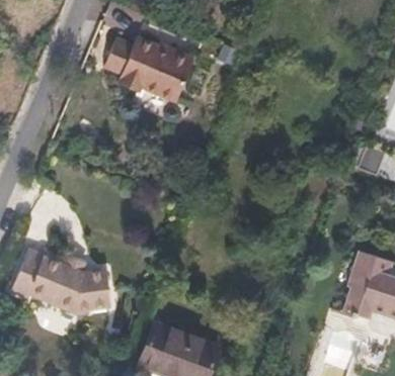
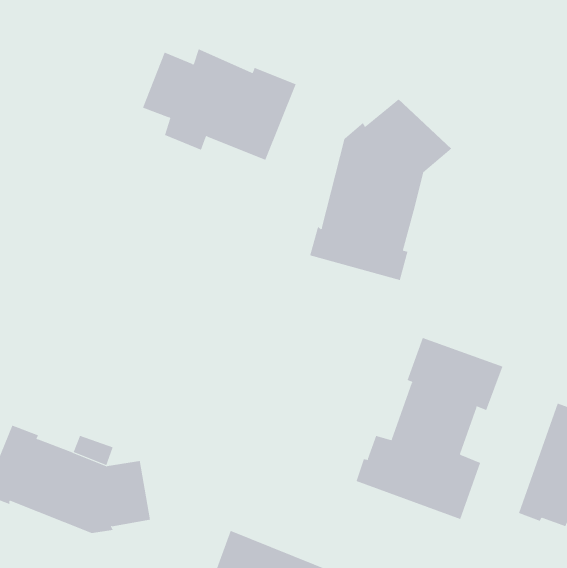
building: none -> [310,98,452,281]
building: none -> [356,337,503,520]

